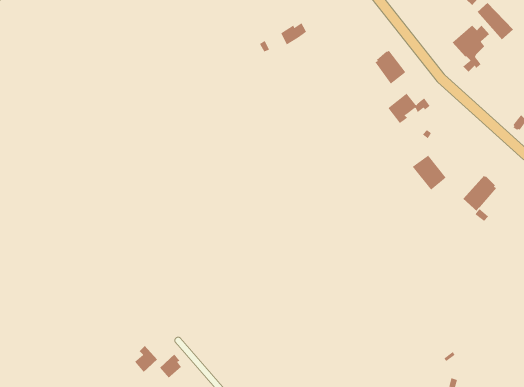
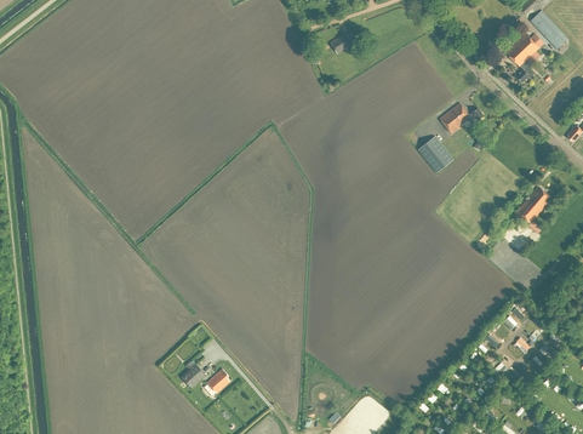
building: [375,50,406,84] -> none
building: [412,155,446,191] -> [417,136,452,172]

